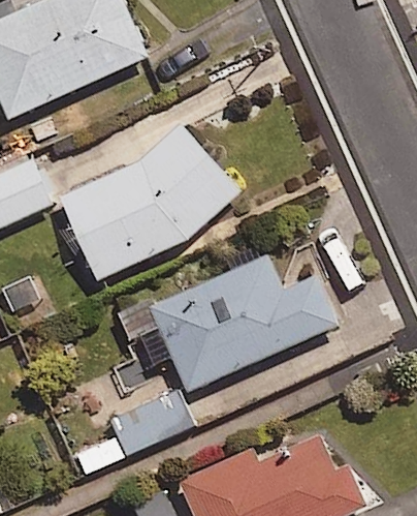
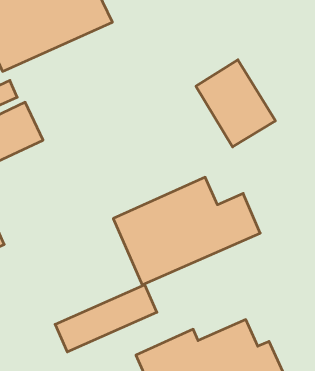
building: none -> [196,60,275,147]
building: [58,122,240,279] -> none

